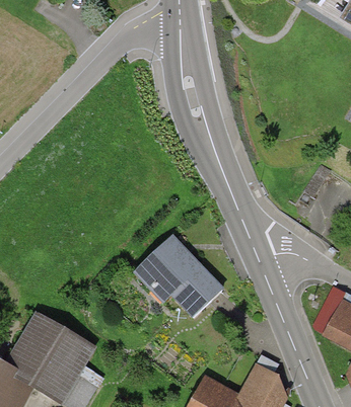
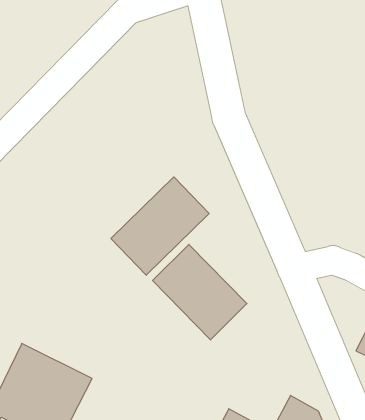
building: none -> [111,177,209,275]

